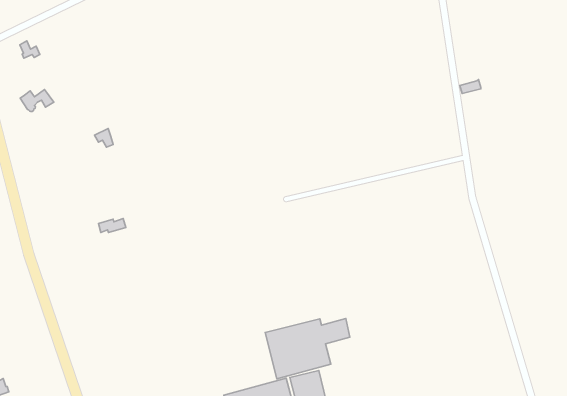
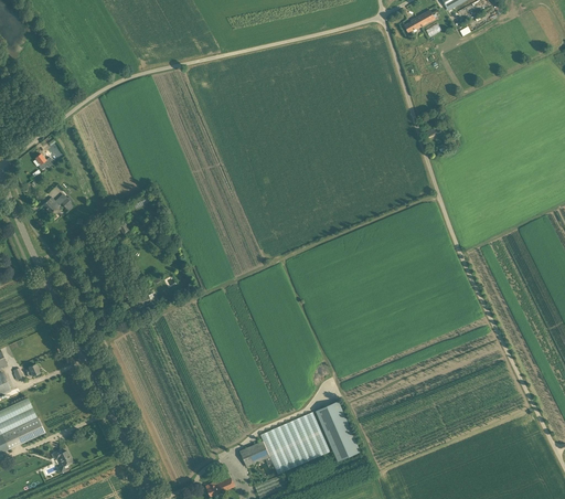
building: [265,319,350,379] -> none

